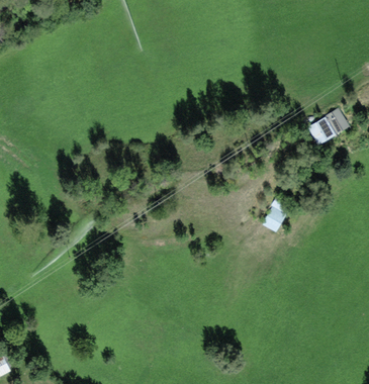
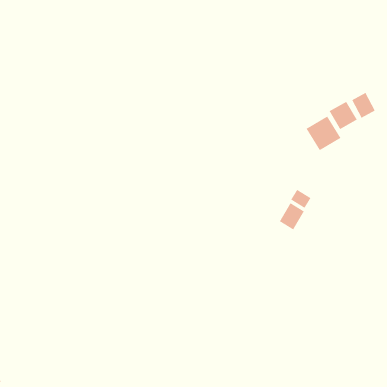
building: none -> [306,116,341,151]

